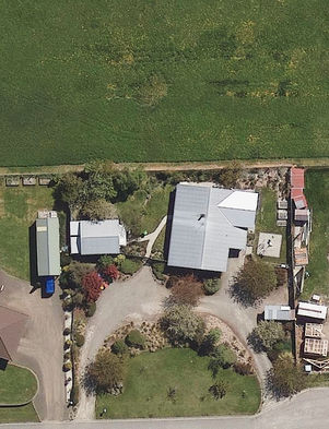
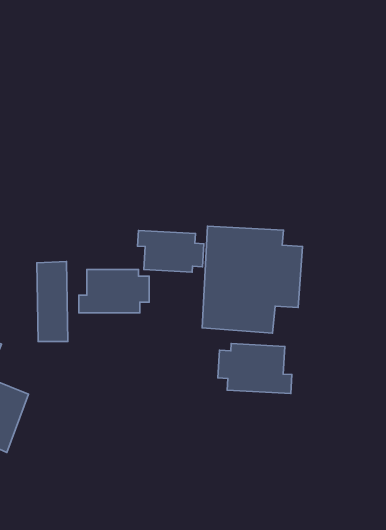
building: none -> [138,230,204,272]
building: none -> [218,344,292,393]

